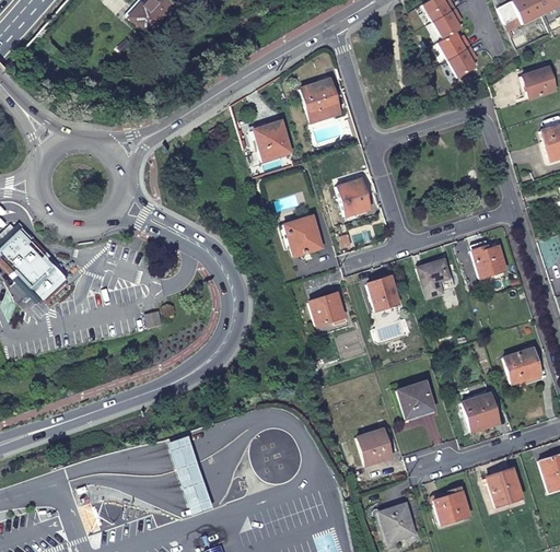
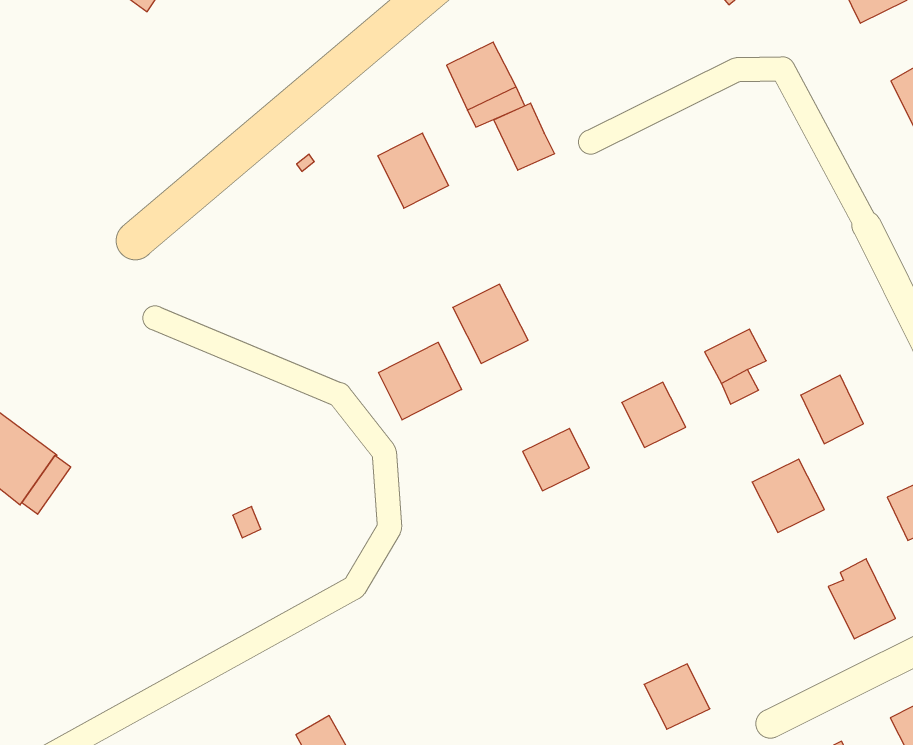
building: none -> [494,103,555,170]
building: [339,180,370,216] -> none
building: none -> [379,342,462,420]
building: [474,242,505,278] -> [801,375,863,444]
building: [398,381,435,420] -> [752,459,824,532]

